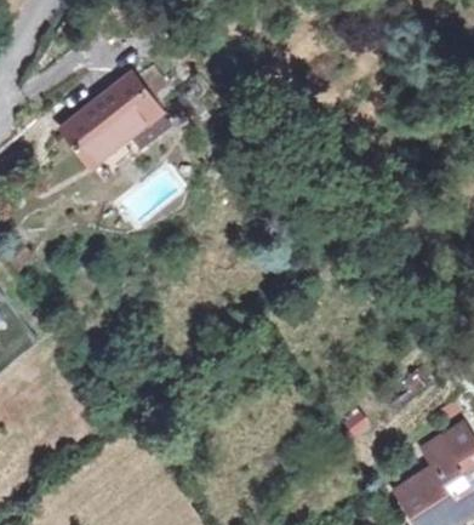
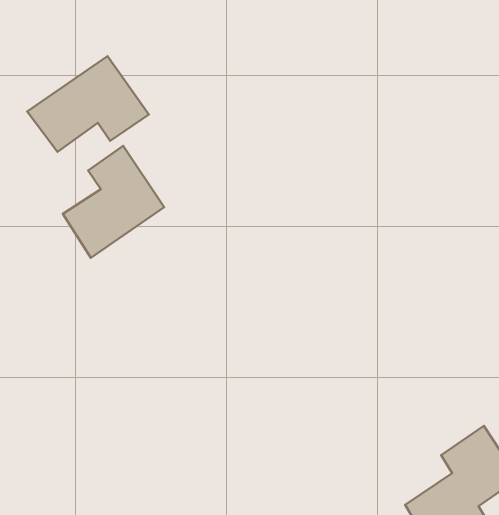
building: none -> [63,146,164,258]

